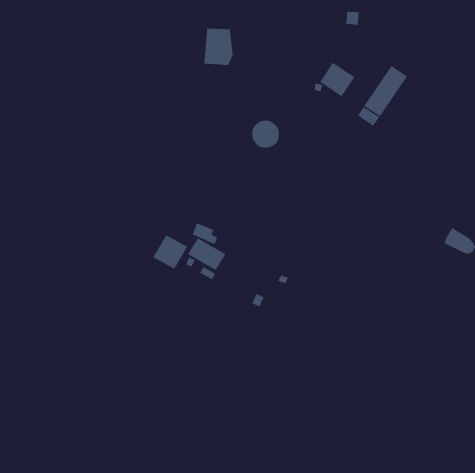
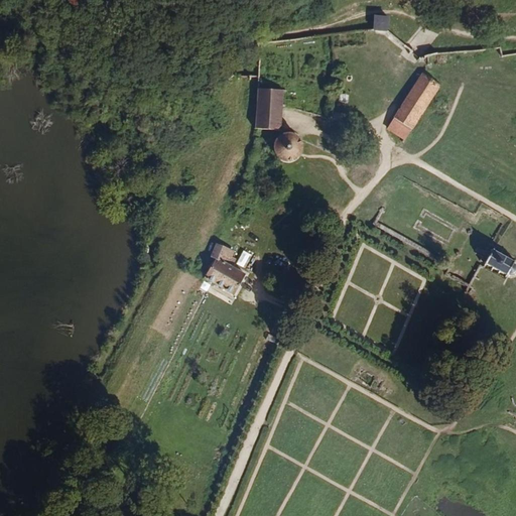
building: [204,27,233,66] -> [253,86,285,127]
building: [320,62,355,97] -> none
building: [153,234,188,270] -> none

